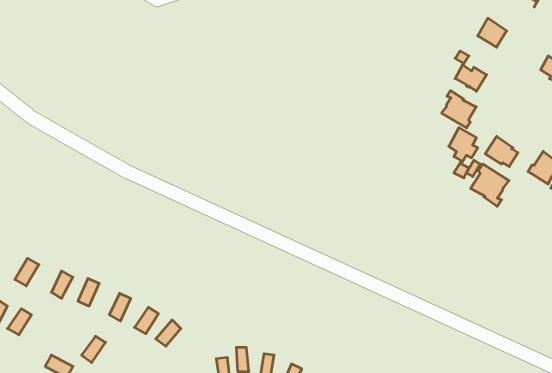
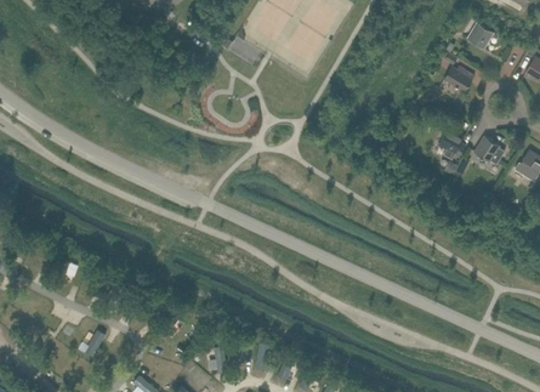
building: [442,91,476,128] -> none
building: [471,164,509,206] -> none

